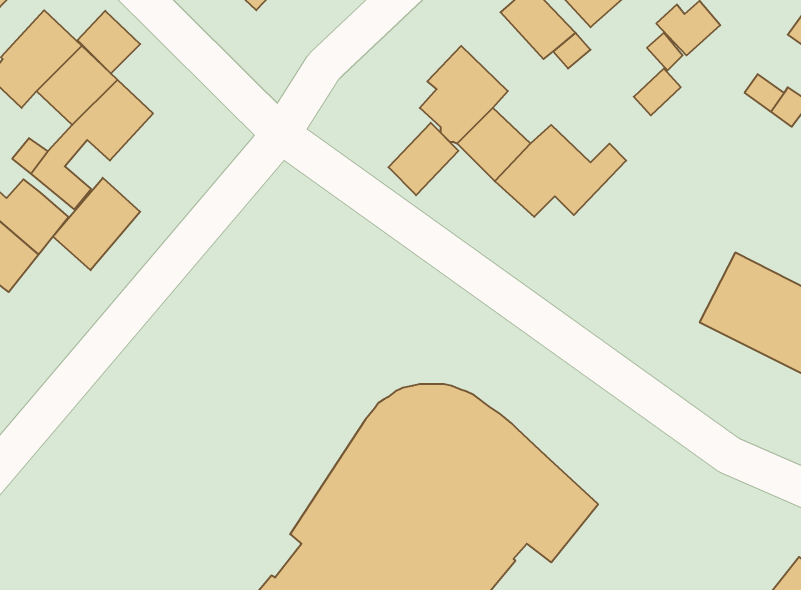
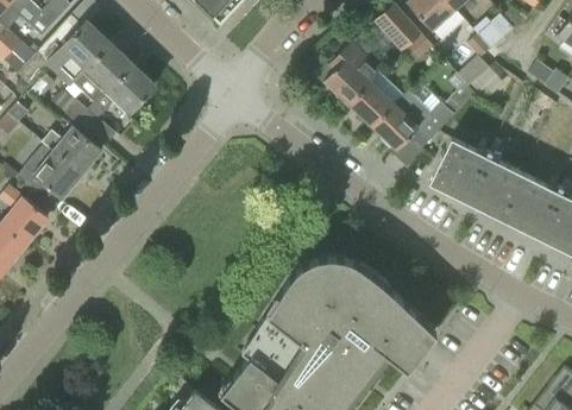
building: [77,11,140,74] -> none
building: [388,123,458,195] -> none
building: [53,178,140,270] -> none
building: none -> [430,138,524,217]

